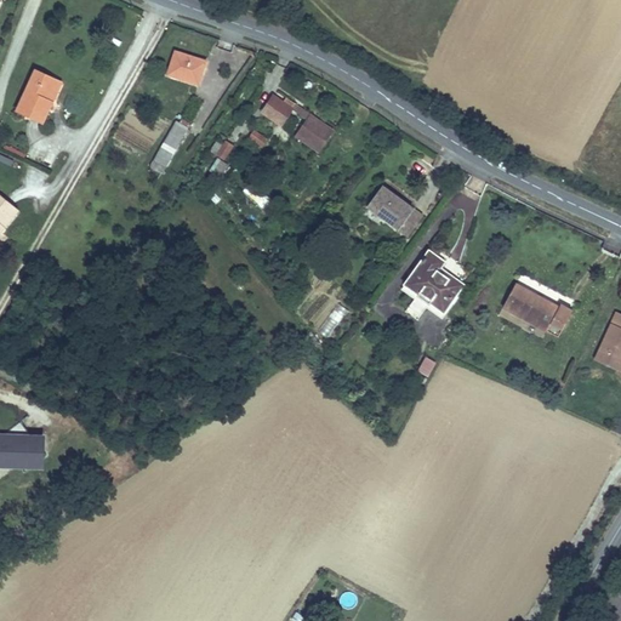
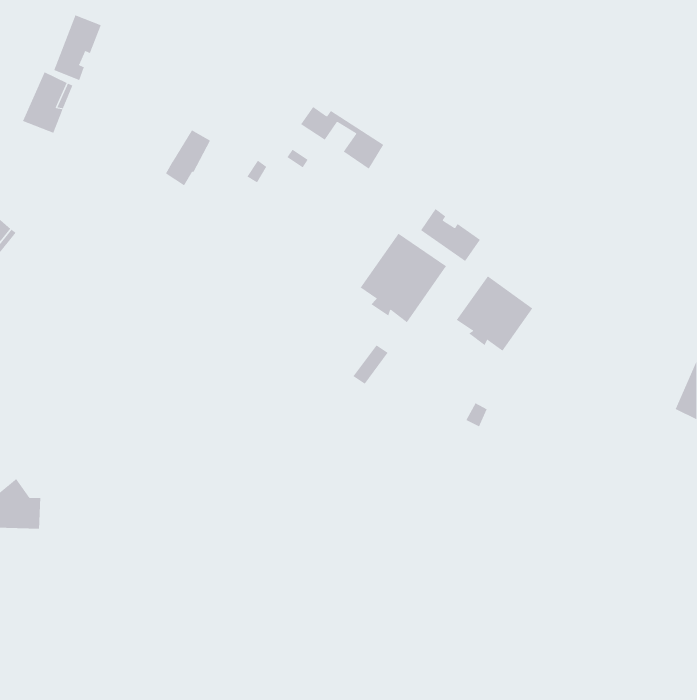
building: none -> [53,14,101,81]
building: [164,50,205,85] -> none
building: none -> [360,233,447,323]
building: [503,285,574,337] -> none

